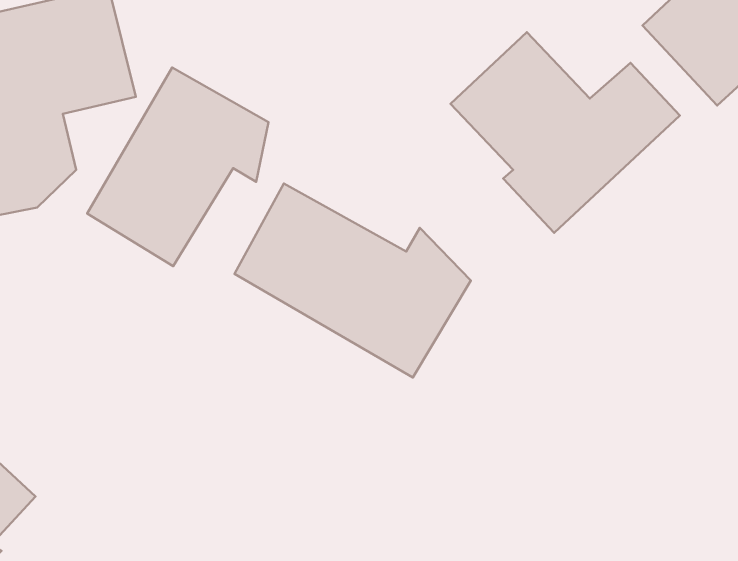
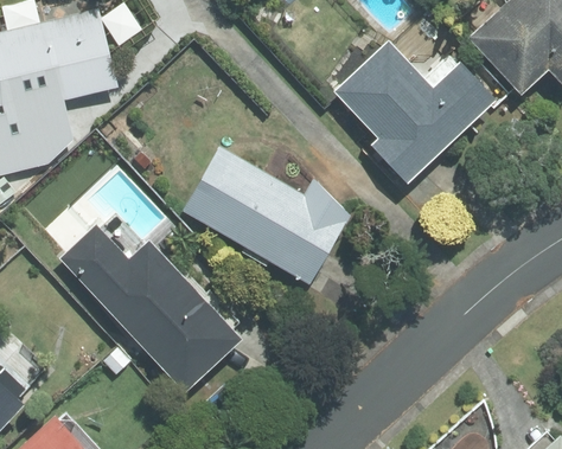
building: [87,67,268,266] -> none
building: none -> [62,226,241,391]

